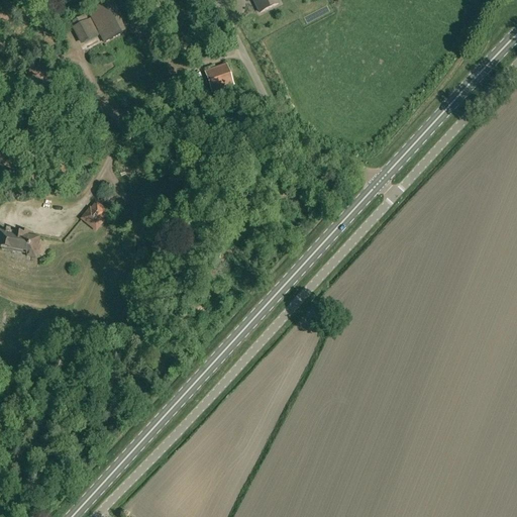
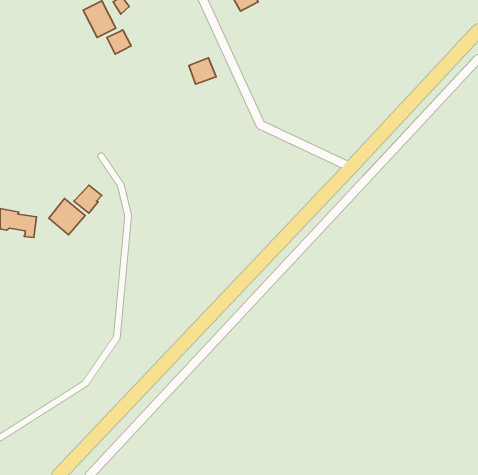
building: [72,17,98,43] -> [107,30,131,54]
building: none -> [49,199,85,235]

